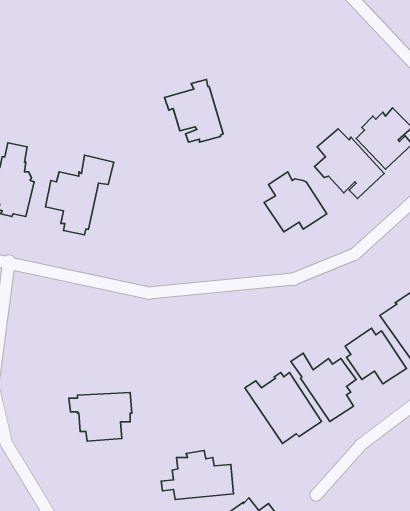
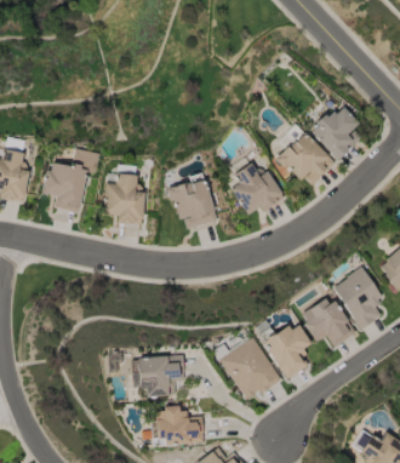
building: [165,79,223,142] -> [167,173,218,228]
building: none -> [104,173,145,224]
building: [69,392,132,441] -> [131,355,185,398]

